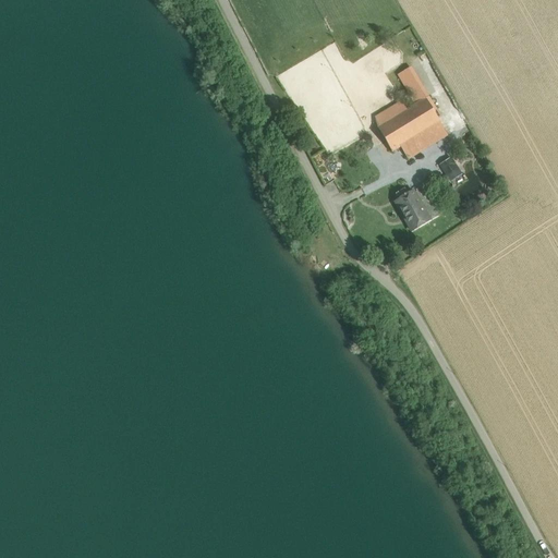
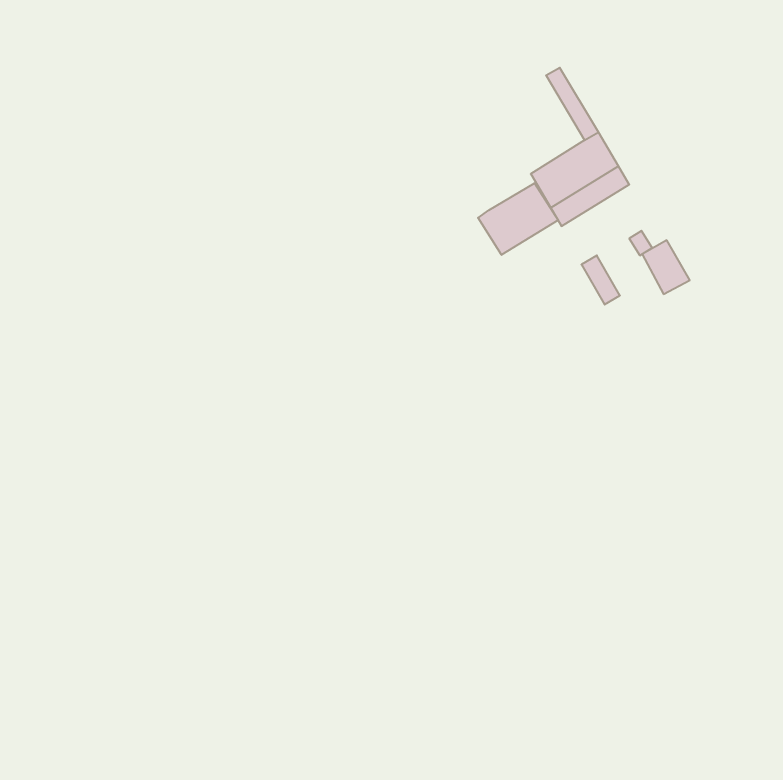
building: none -> [478,183,558,255]
building: [395,187,428,226] -> [642,240,690,294]

